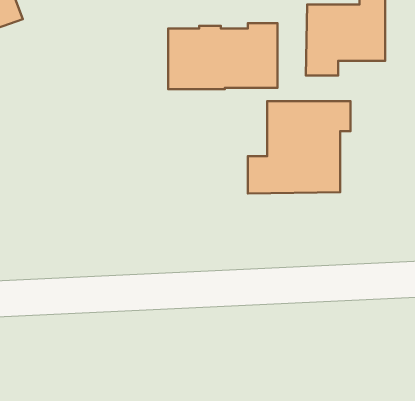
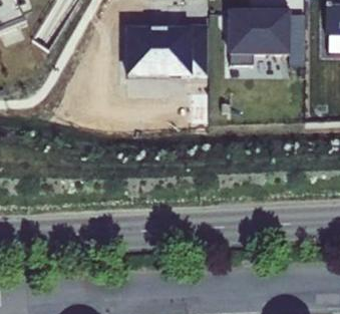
building: [248,101,351,194] -> none

